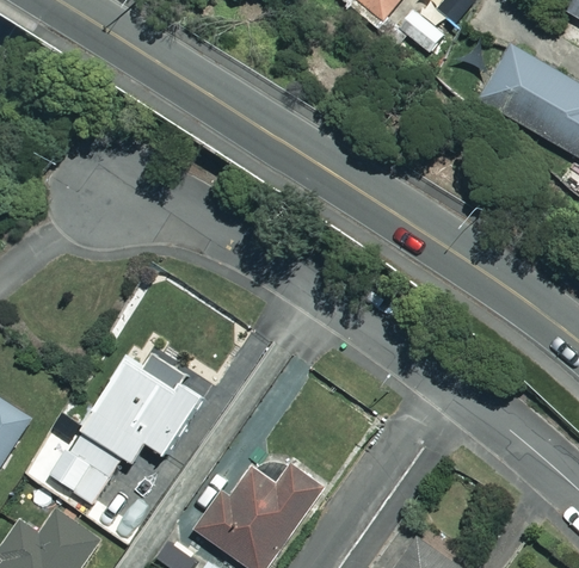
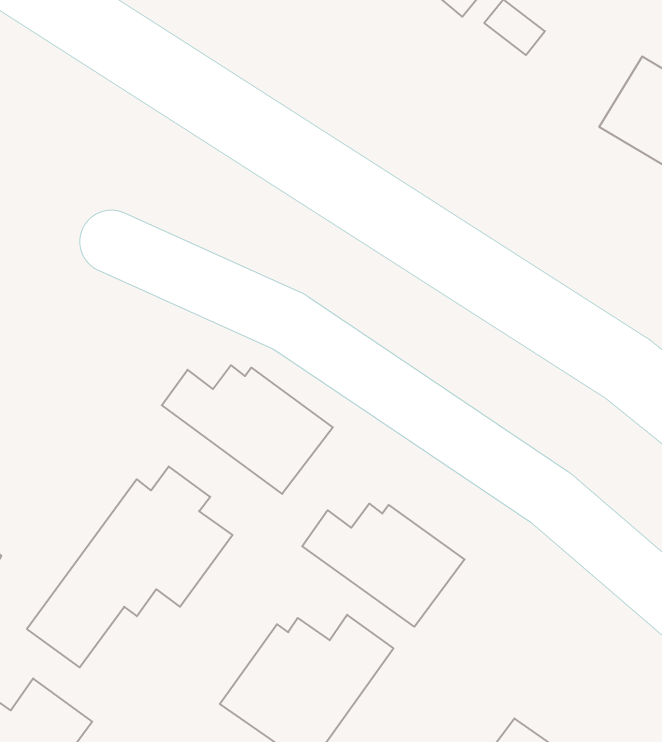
building: none -> [162,365,333,494]
building: none -> [302,504,465,627]

